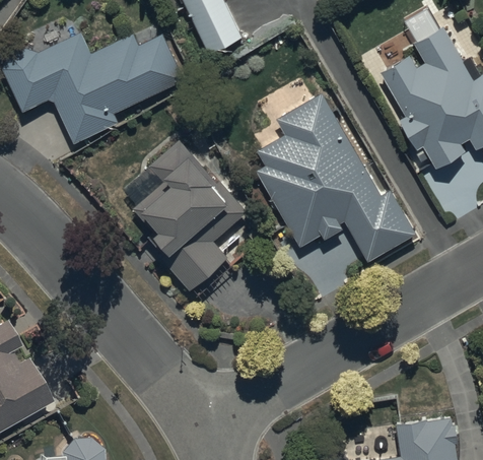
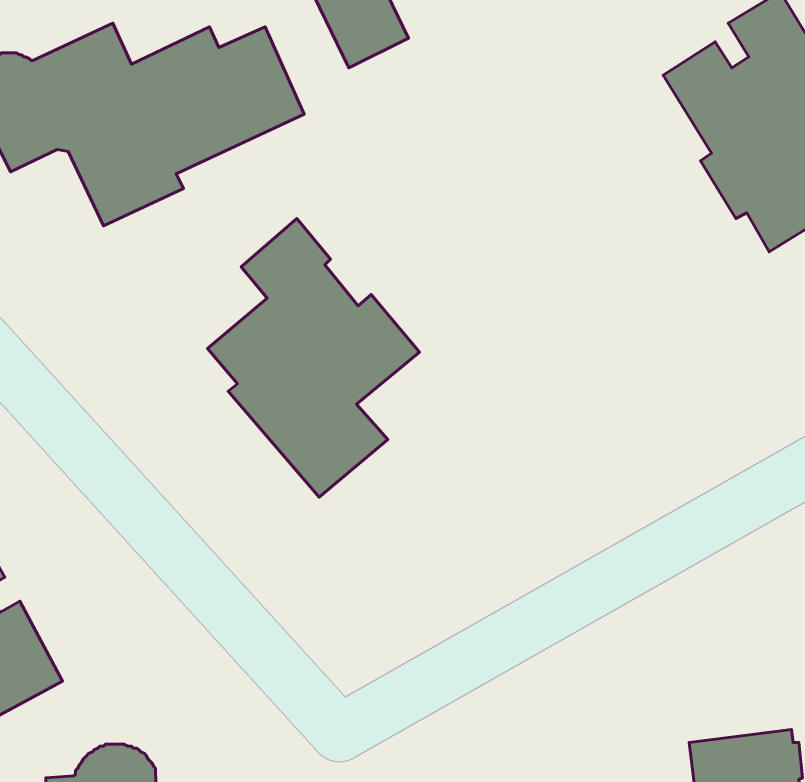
building: [257,84,414,252] -> none

